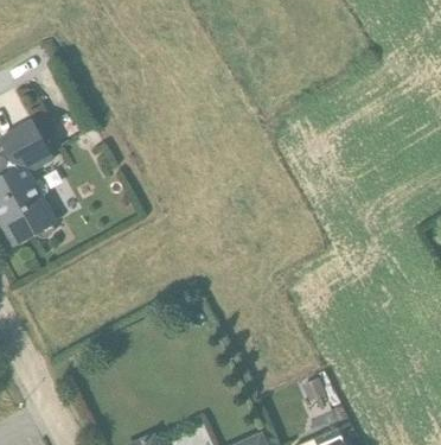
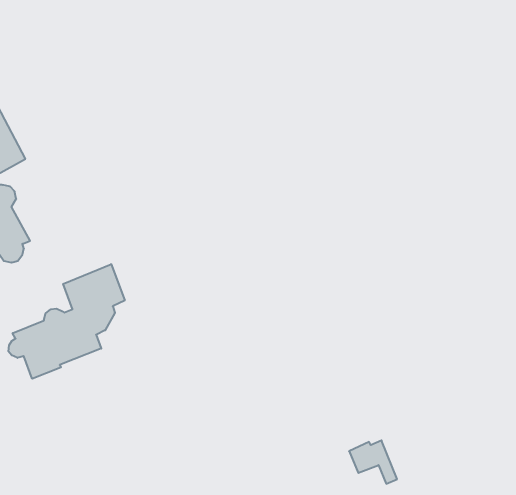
building: none -> [9,264,125,379]

